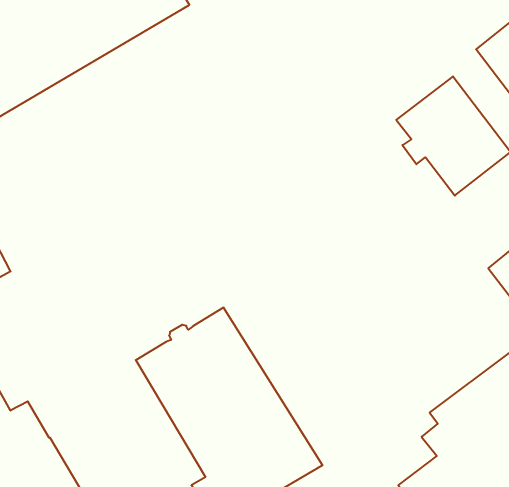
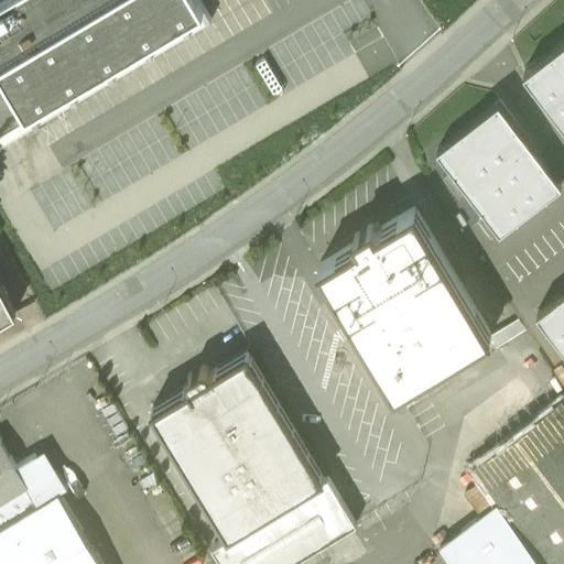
building: none -> [318,216,490,401]

